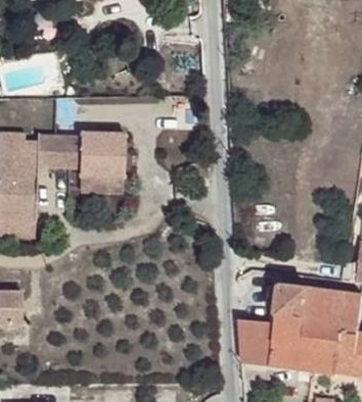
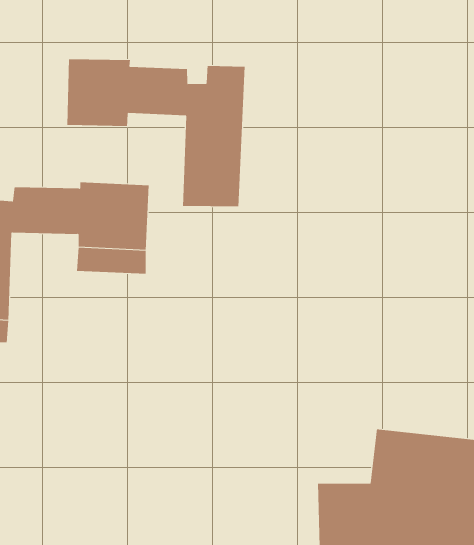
building: none -> [67,58,245,207]

